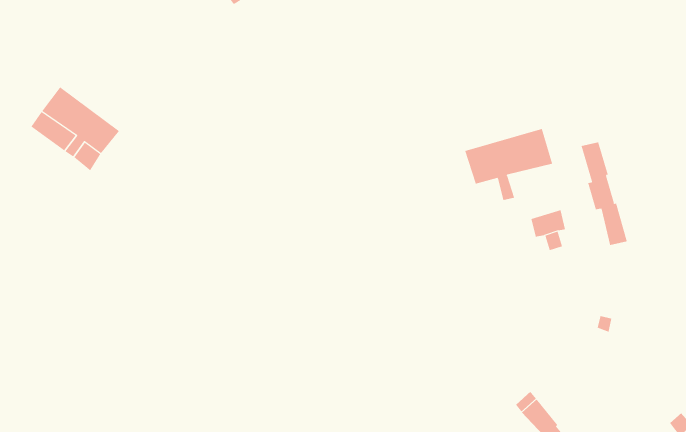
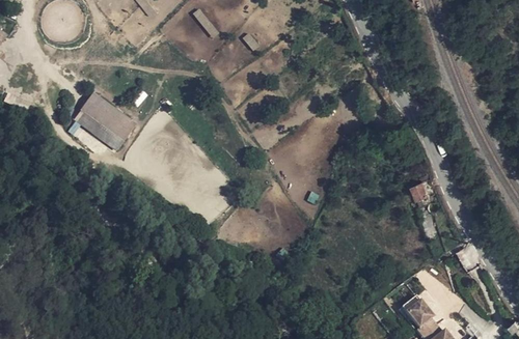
building: [465,128,553,201] -> none
building: [581,141,628,246] -> none

